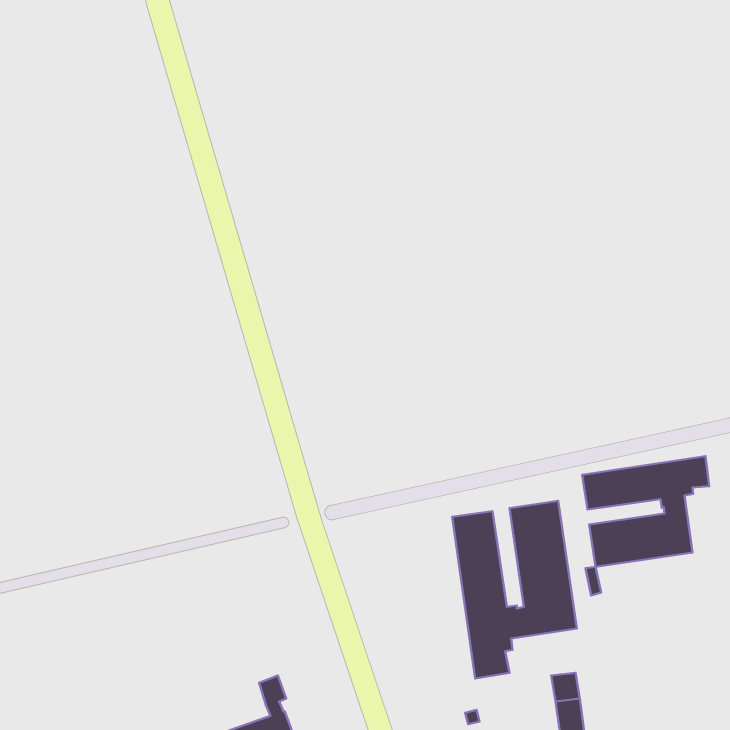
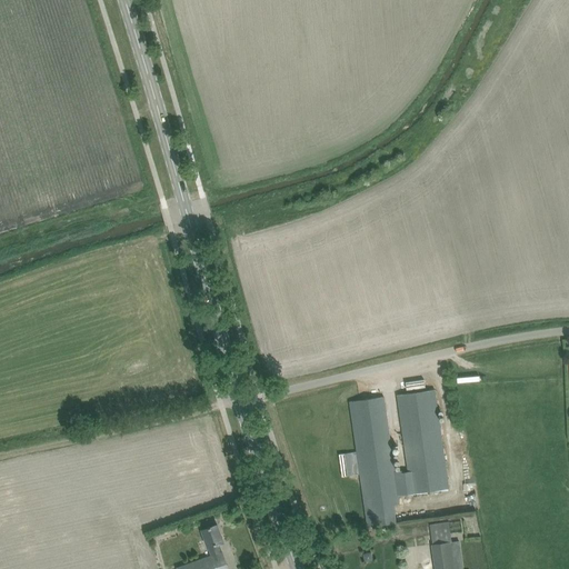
building: [582,456,709,567] -> none

